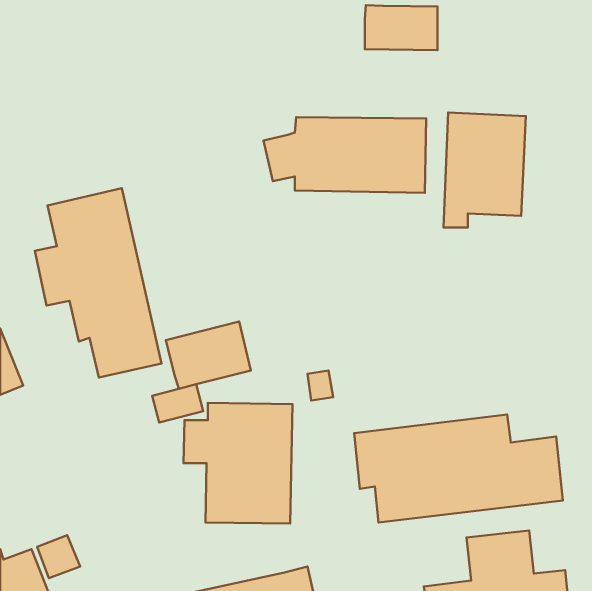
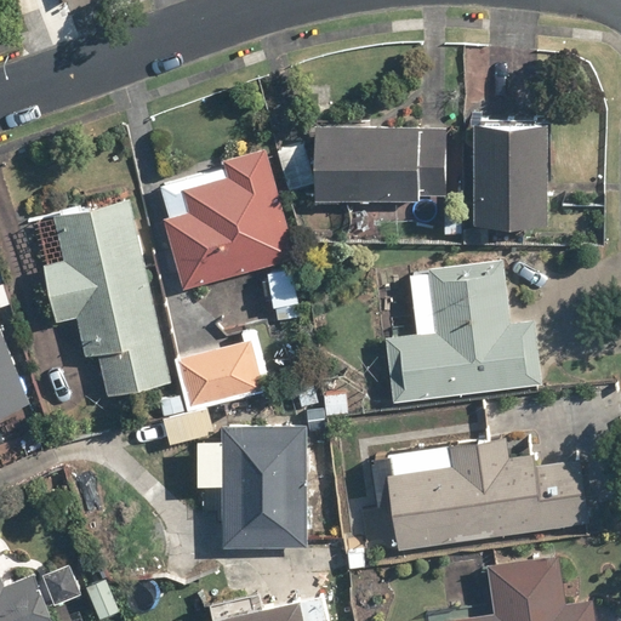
building: [365,5,438,50] -> none
building: none -> [155,148,295,290]
building: none -> [383,260,542,404]

